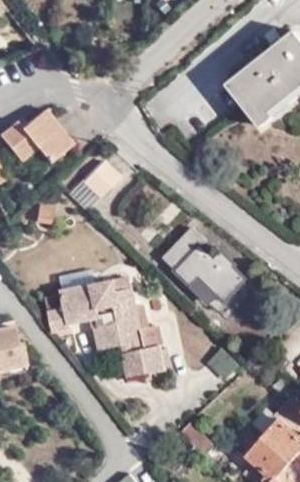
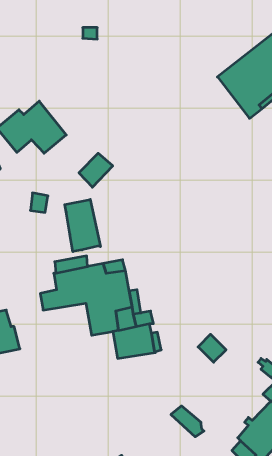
building: none -> [65,199,100,252]
building: [162,229,243,304] -> none

